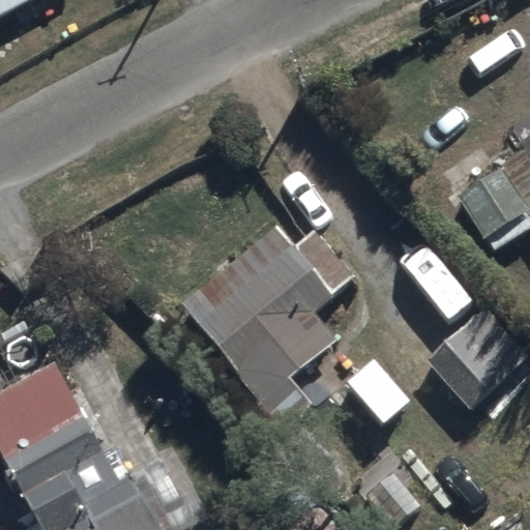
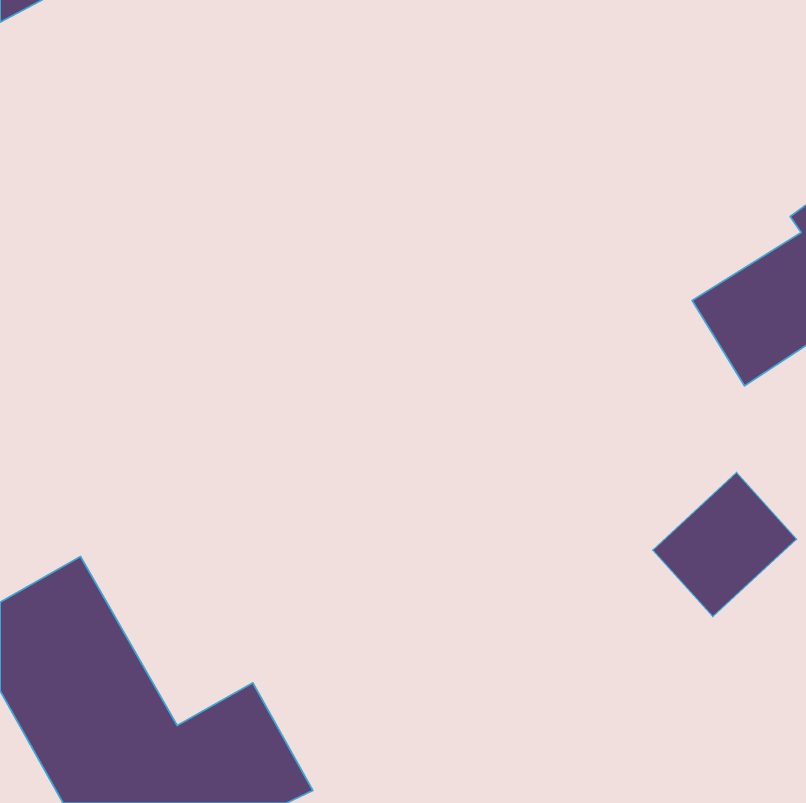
building: [182,230,351,428] -> none

